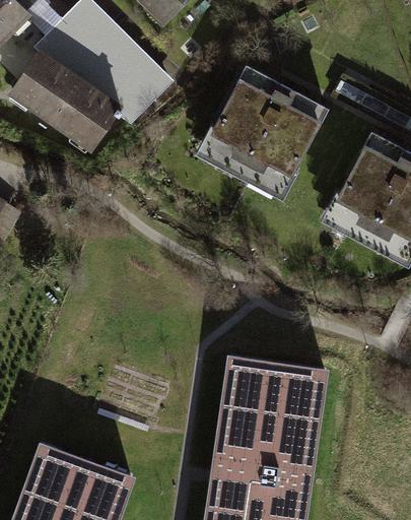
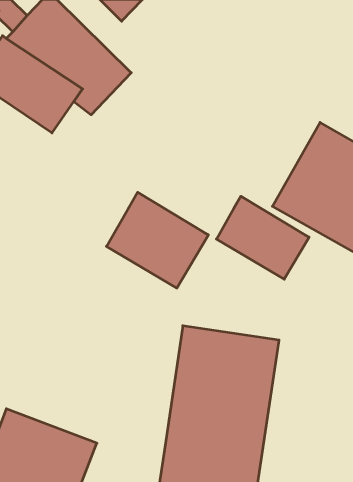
building: [193,65,336,207] -> none
building: none -> [106,192,208,288]
building: none -> [216,196,309,279]

